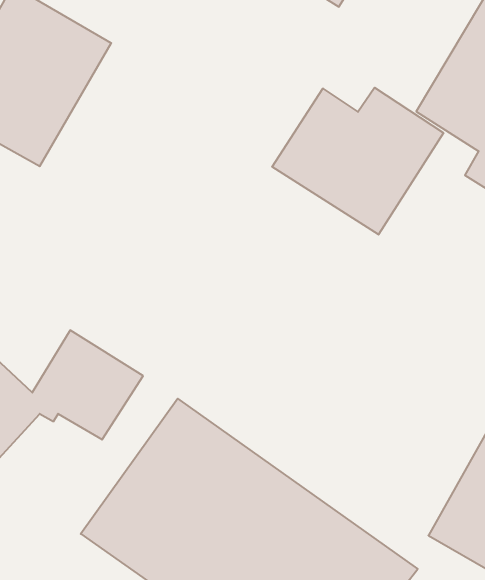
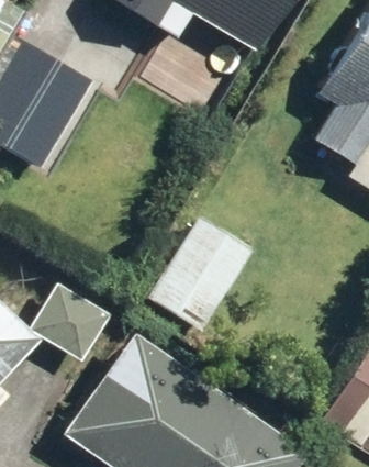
building: [272,88,443,235] -> none
building: none -> [144,212,255,329]

